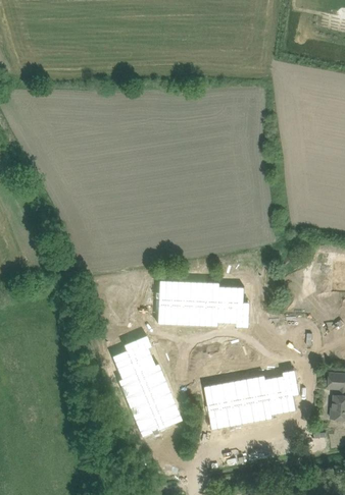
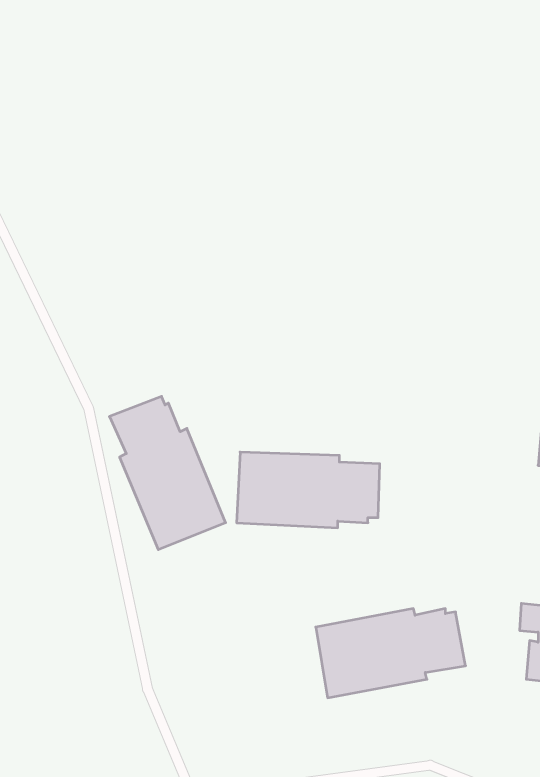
building: [111,343,182,436] -> [109,396,226,550]

